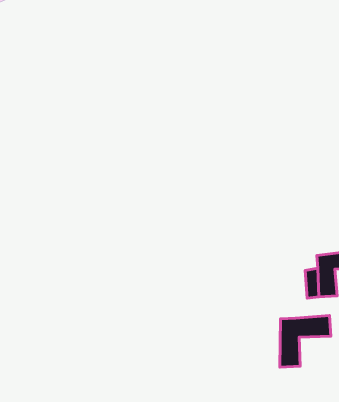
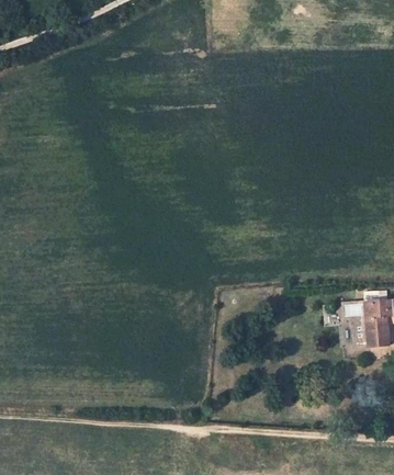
building: [280,316,331,367] -> none

